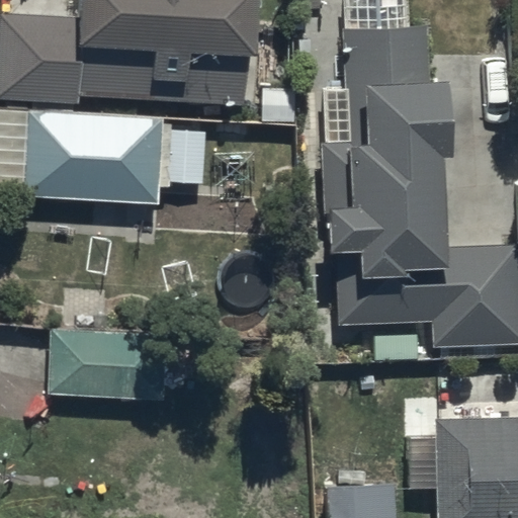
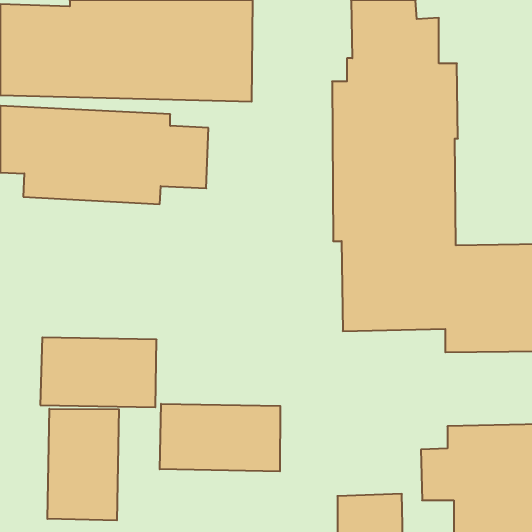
building: none -> [160,404,280,471]
building: none -> [47,409,119,520]

